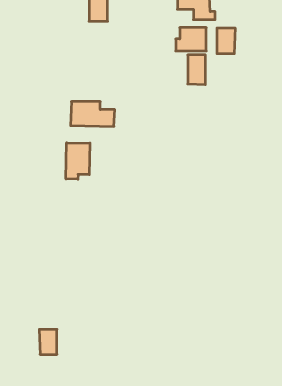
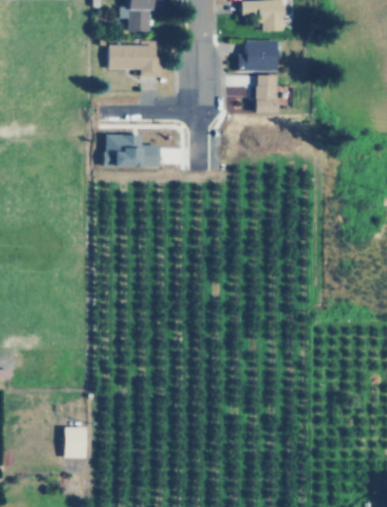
building: [217,28,235,54] -> none
building: none -> [109,44,162,76]
building: [66,143,90,179] -> none

